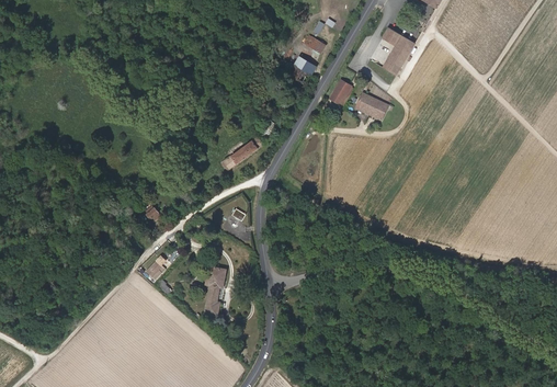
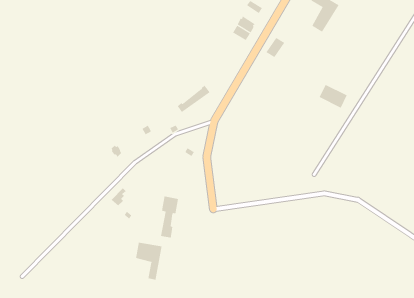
building: [354,92,388,121] -> [319,84,348,108]
building: none -> [135,242,162,280]

